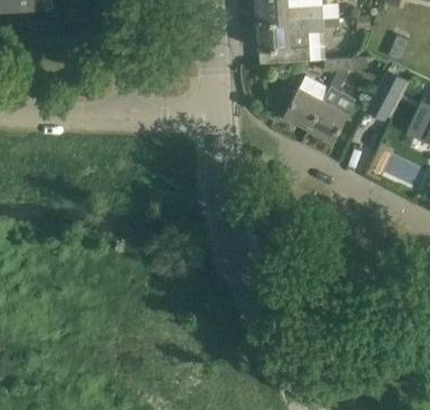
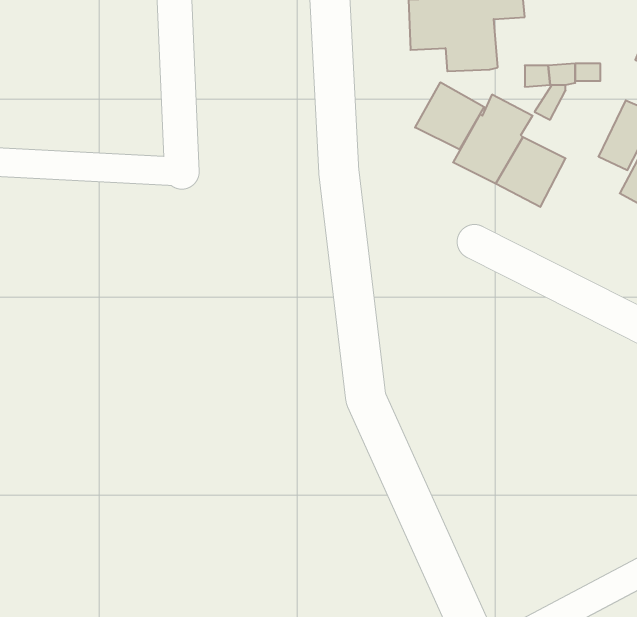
building: none -> [415,82,484,149]

